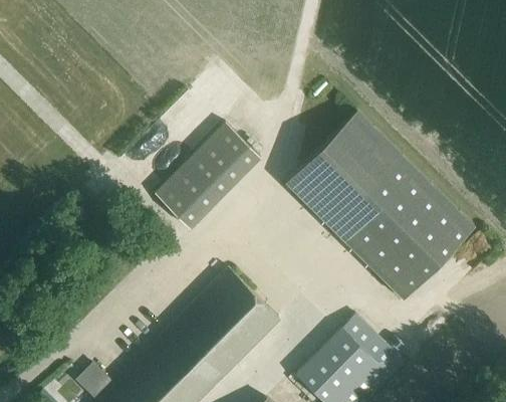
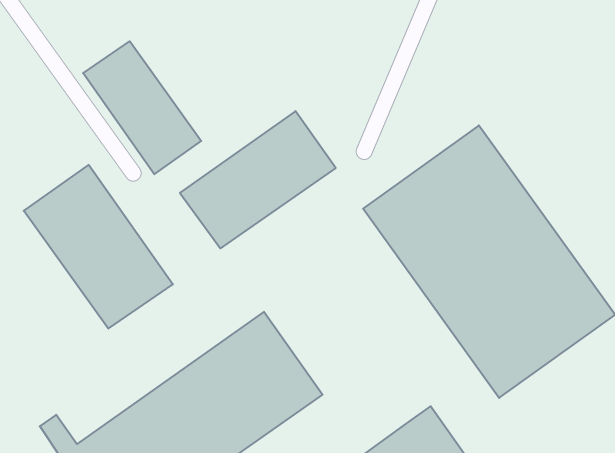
building: none -> [83,41,201,174]
building: none -> [24,165,173,329]

